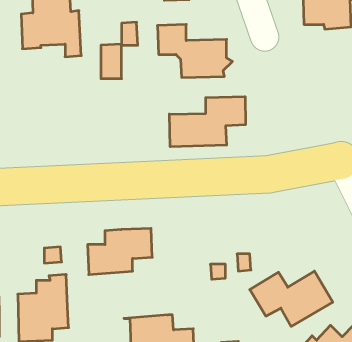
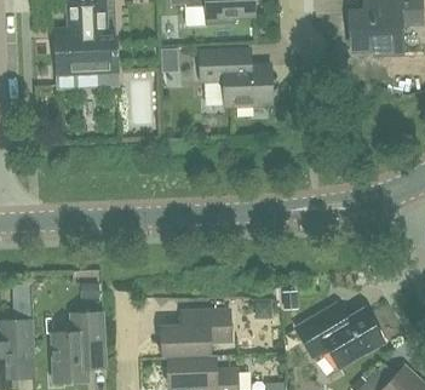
building: [169,97,245,147] -> none
building: [88,228,152,275] -> [161,309,229,357]

